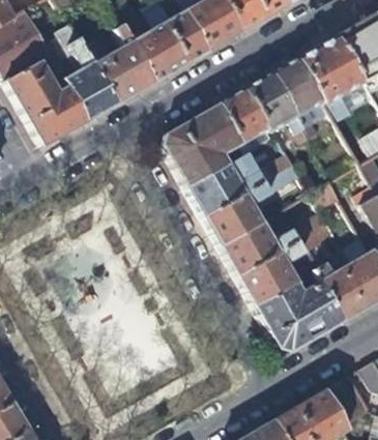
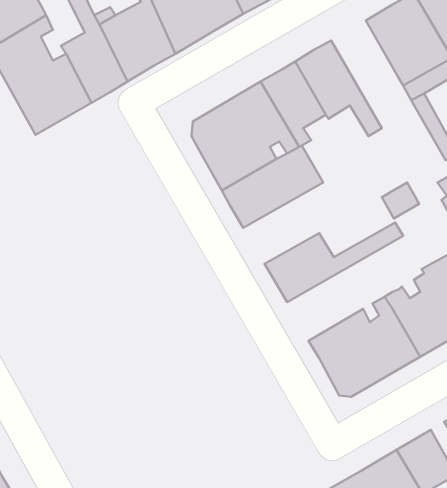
building: [272,57,325,141] -> none
building: [204,167,300,246] -> none
building: [238,225,335,306] -> none

